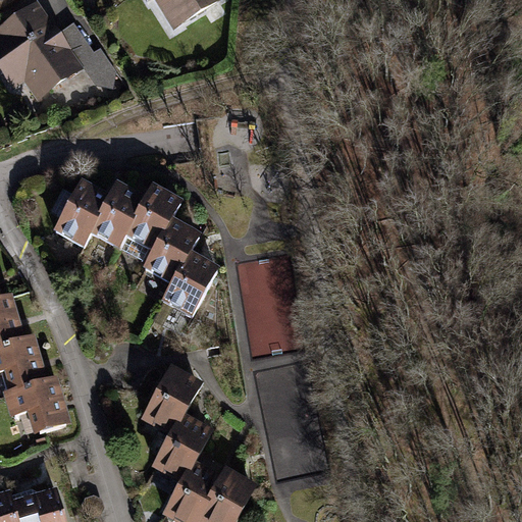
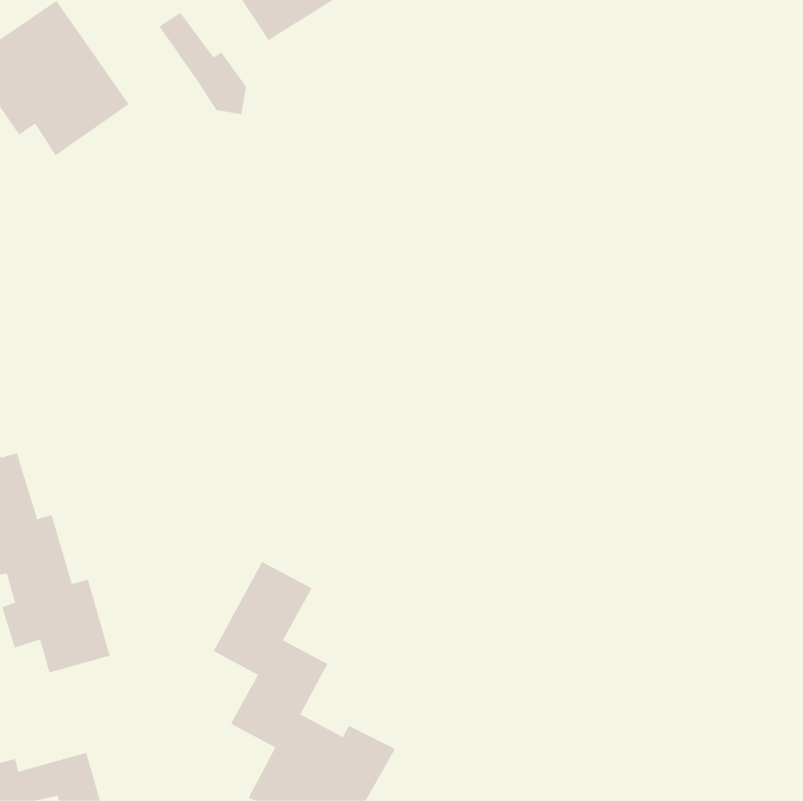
building: [58,21,115,88] -> [159,12,247,115]
building: [52,179,219,319] -> none

